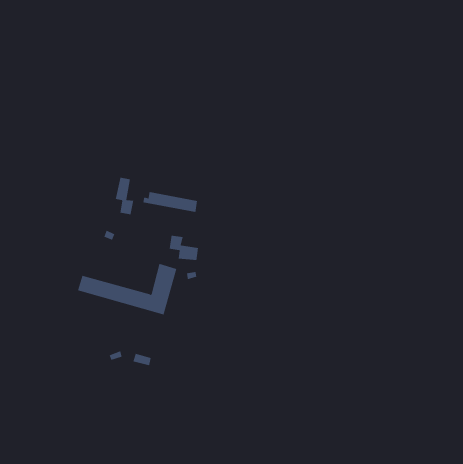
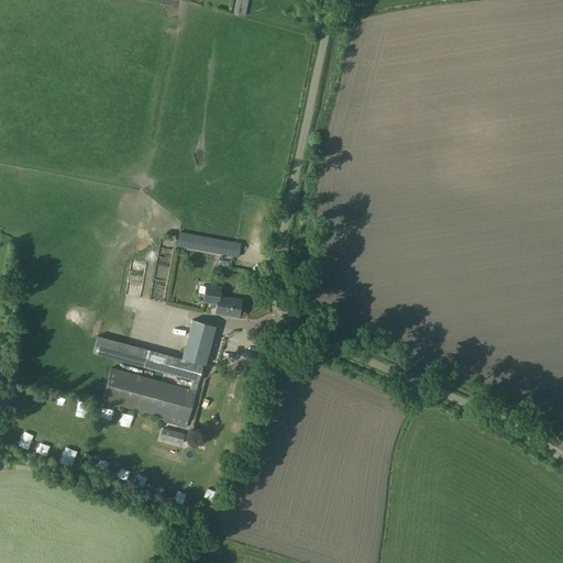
building: [115,177,134,215] -> none
building: none -> [103,368,196,424]

